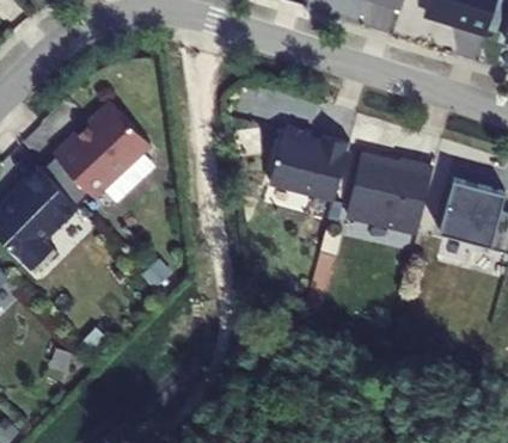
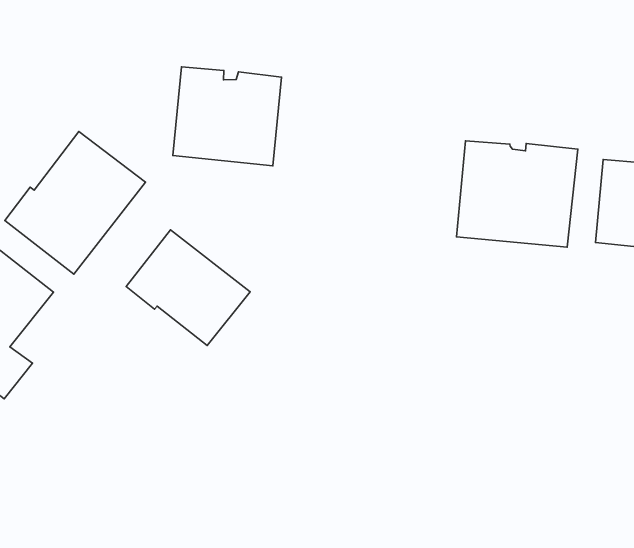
building: [269,127,349,202] -> [173,67,281,166]
building: none -> [126,230,250,346]

